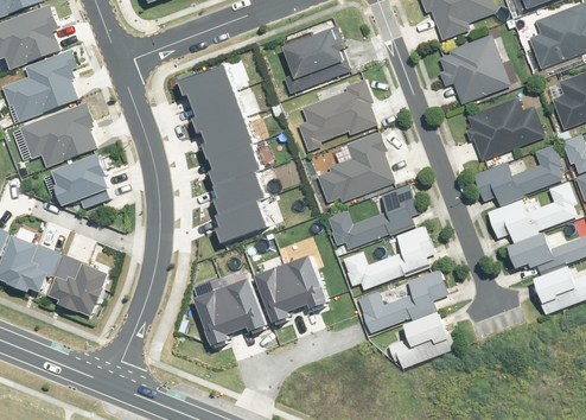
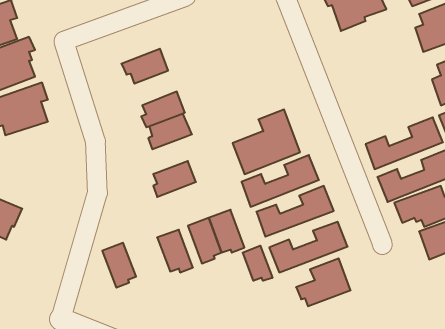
building: [284,31,350,95] -> none
building: [438,36,510,104] -> none
building: [286,84,377,154] -> none
building: [195,89,246,132] -> none
building: [464,97,546,160] -> none
building: [47,152,108,209] -> none
building: [216,167,267,211] -> none
building: [49,254,107,313] -> none
building: [197,288,237,342] -> [102,243,136,288]
building: none -> [243,246,272,281]

